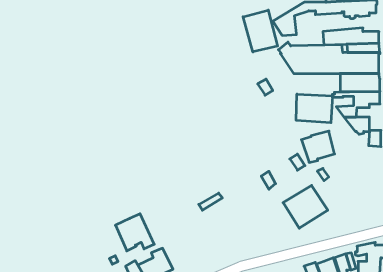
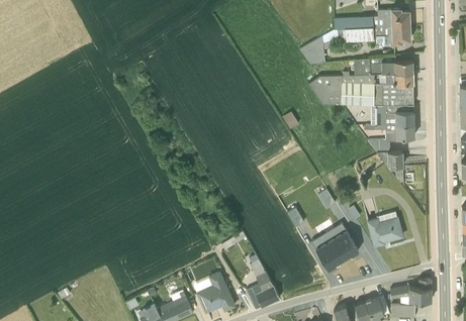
building: [243,10,278,52] -> none
building: [296,94,332,123] -> none
building: [301,131,335,162] -> [367,212,402,245]
building: [115,214,154,251] -> [194,273,236,312]
building: none -> [248,254,280,309]

